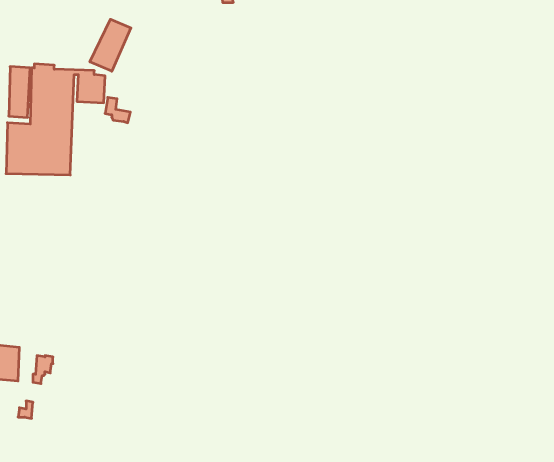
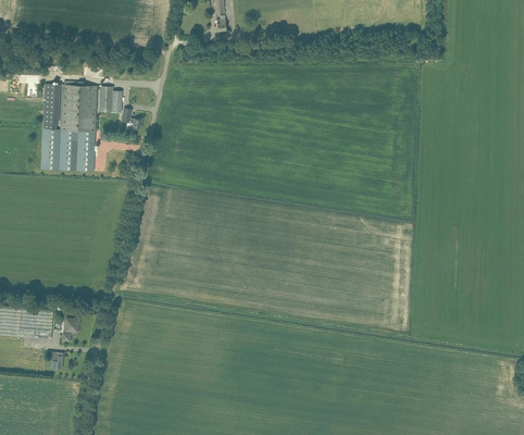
building: [90,19,131,71] -> none

